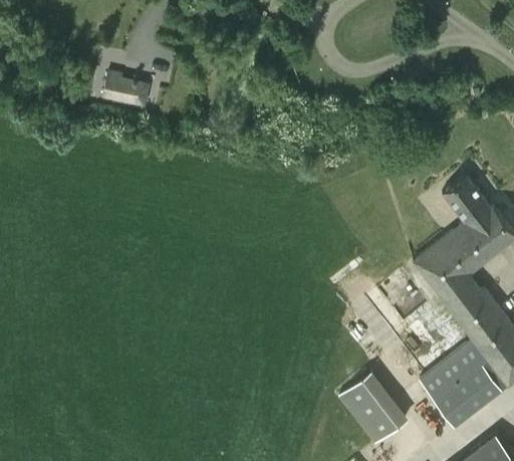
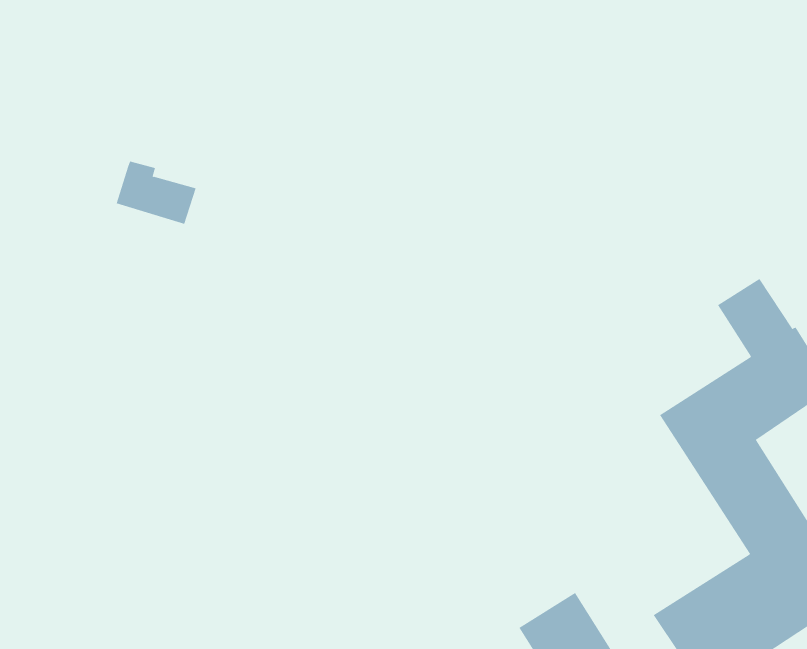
building: [102,71,150,106] -> [116,161,196,224]

